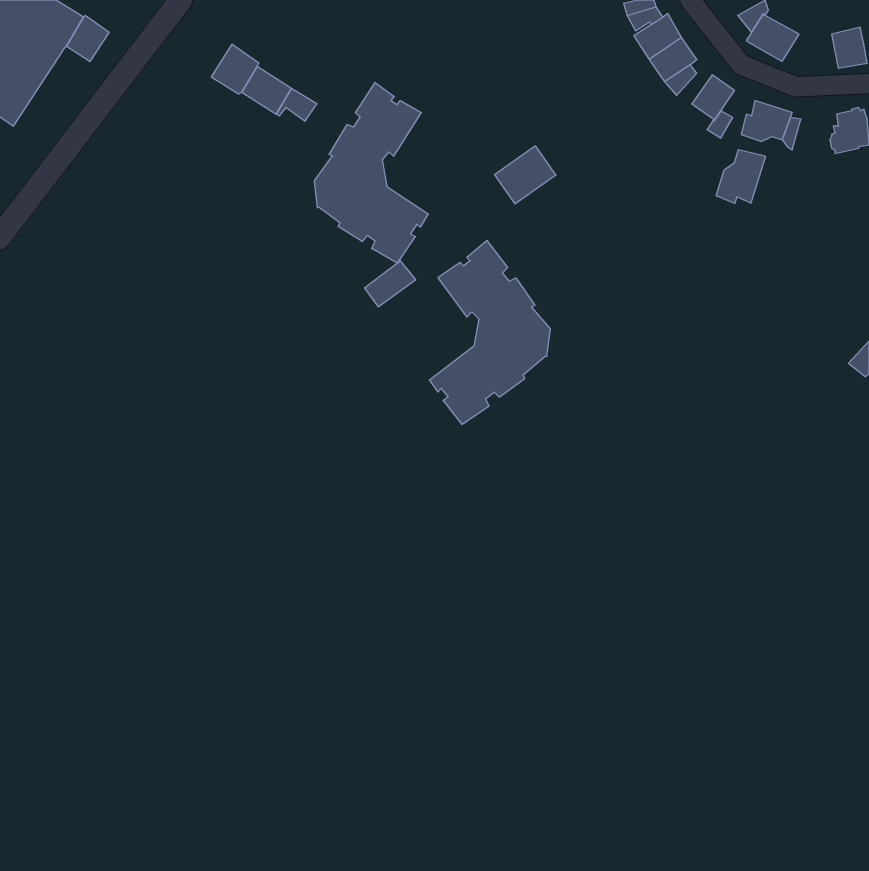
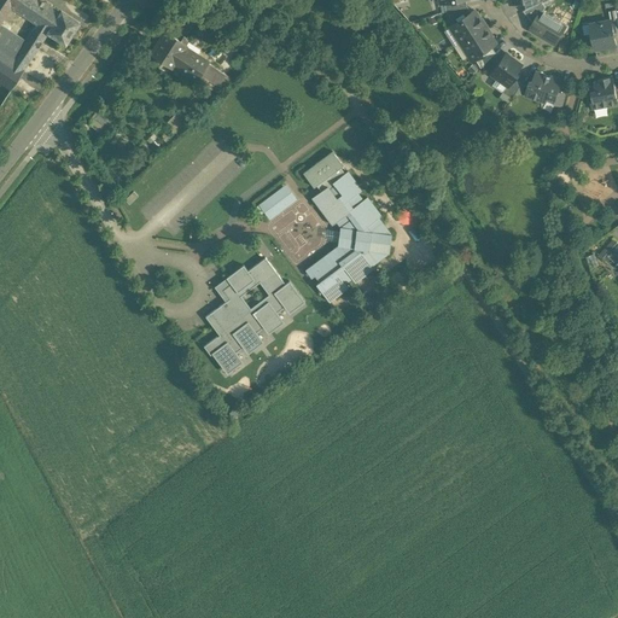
building: [315,82,428,263] -> none
building: [495,146,556,204] -> [303,150,346,191]
building: [716,150,766,203] -> none
building: none -> [204,257,303,373]

